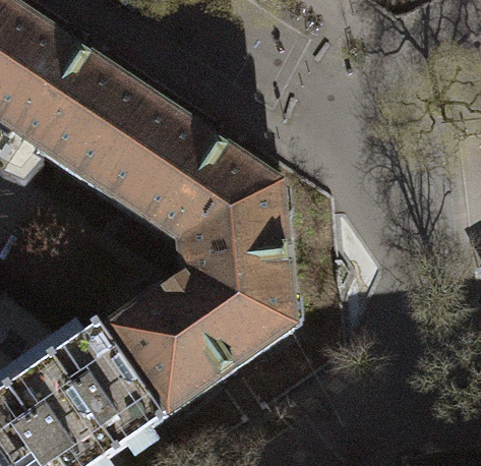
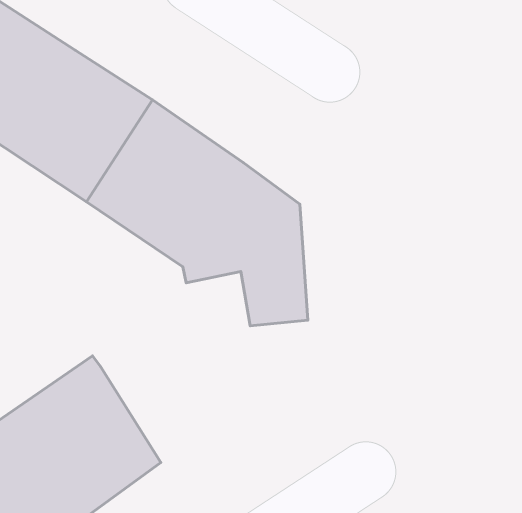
building: [109,245,295,413] -> none

